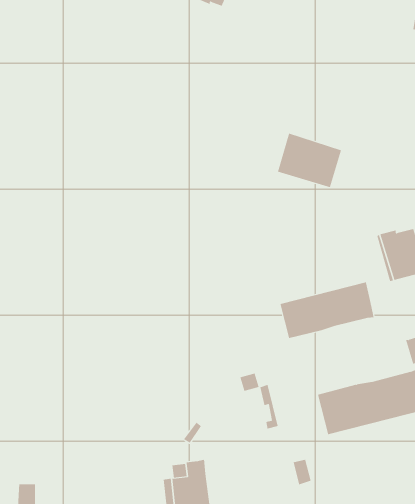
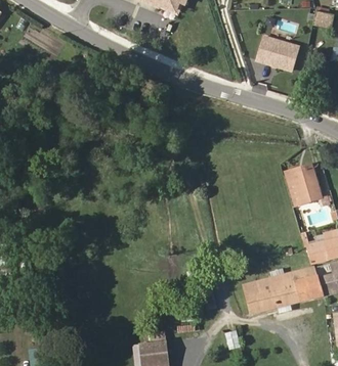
building: [277,133,342,188] -> [253,34,299,73]
building: [280,282,374,339] -> none

